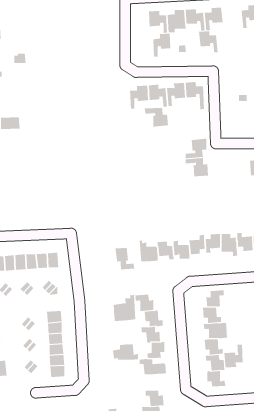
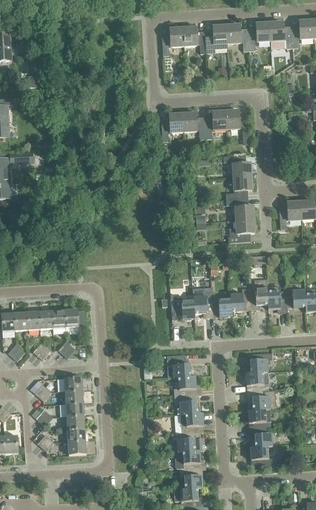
building: [198,31,219,53] -> [268,21,292,47]
building: [152,33,171,57] -> [161,27,183,55]
building: [144,107,169,127] -> [222,154,251,177]
building: none -> [278,201,301,229]
building: none -> [227,219,254,242]
building: [115,247,135,270] -> none
building: [113,294,136,322] -> none
building: [224,344,243,368] -> none
building: [112,344,139,360] -> [174,450,205,469]

